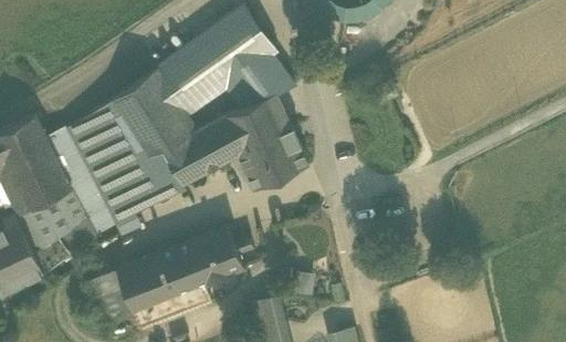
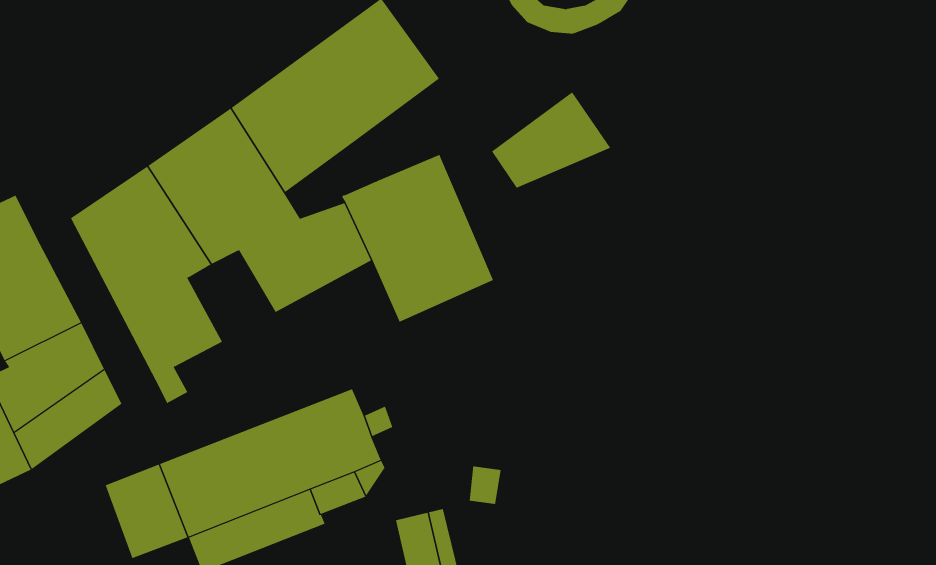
building: [227,53,295,108] -> [491,92,611,188]
building: [48,129,115,236] -> none
building: [134,148,184,200] -> none

